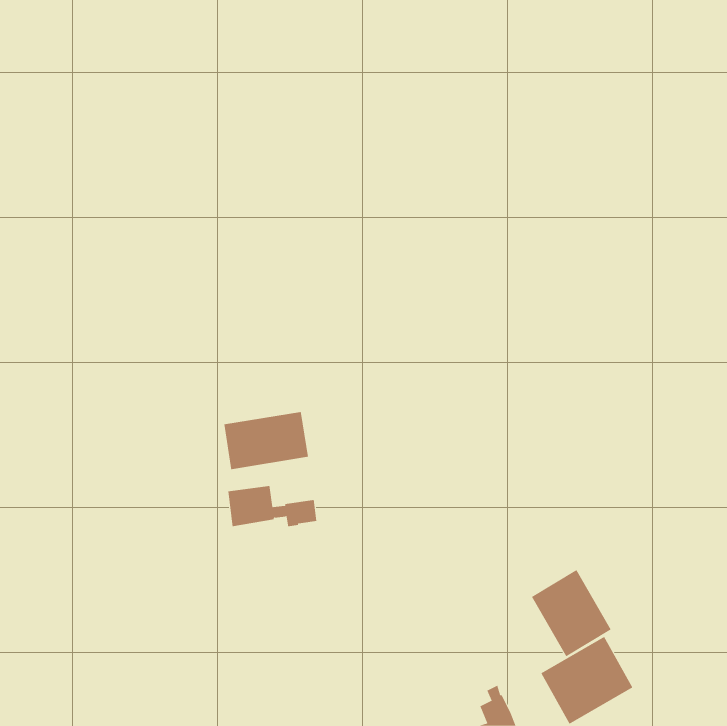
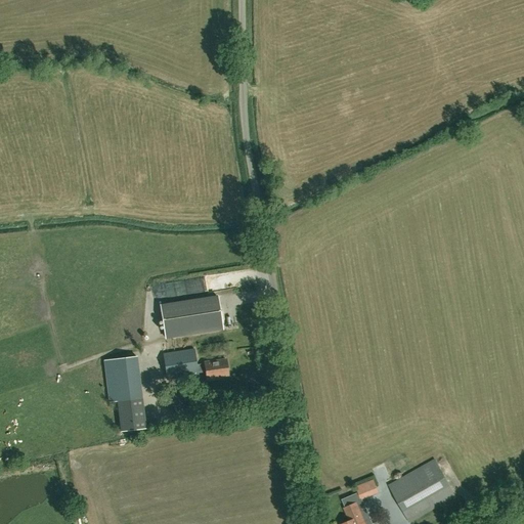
building: none -> [103,356,145,430]
building: [531,569,611,657] -> none

